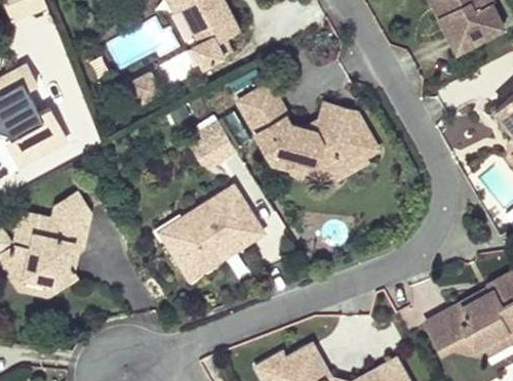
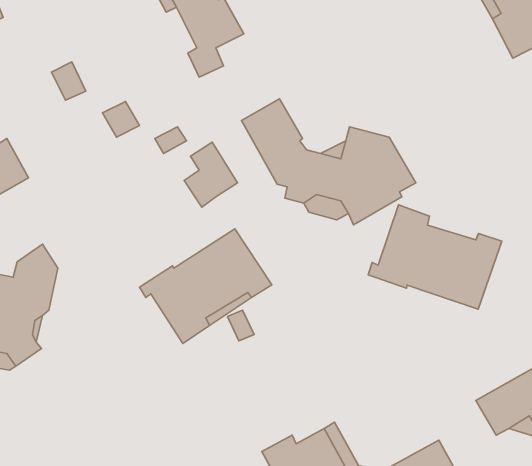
building: none -> [368,205,502,309]

